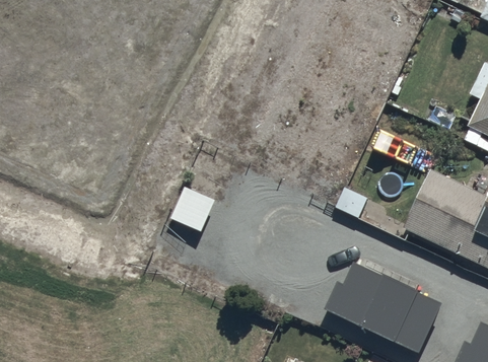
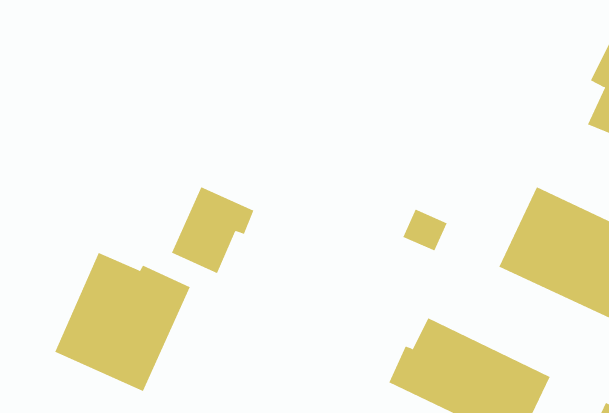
building: none -> [54,252,190,392]

